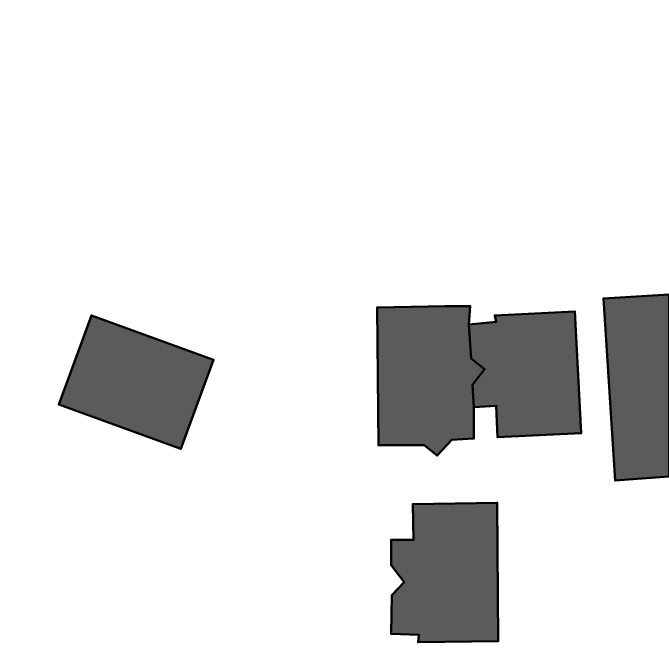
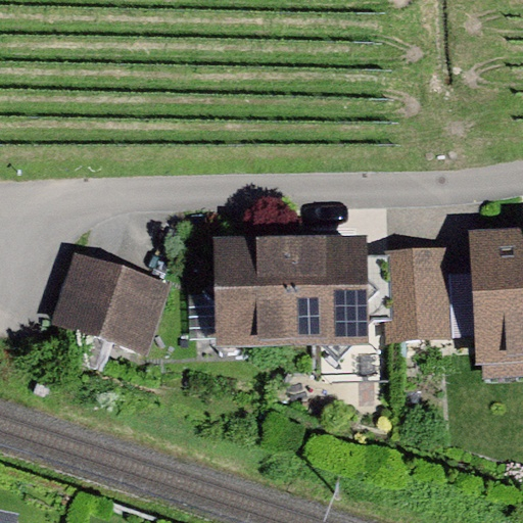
building: none -> [205,240,295,348]
building: [391,503,498,642] -> none

